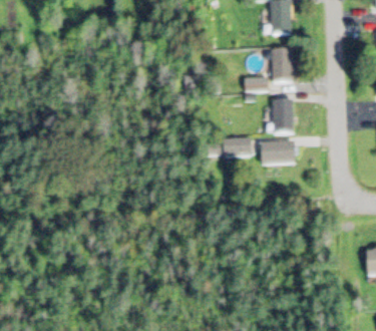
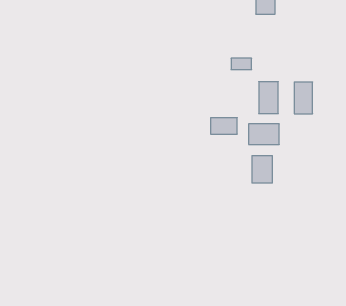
building: [272,51,290,82] -> [294,82,313,114]
building: none -> [252,156,272,183]

